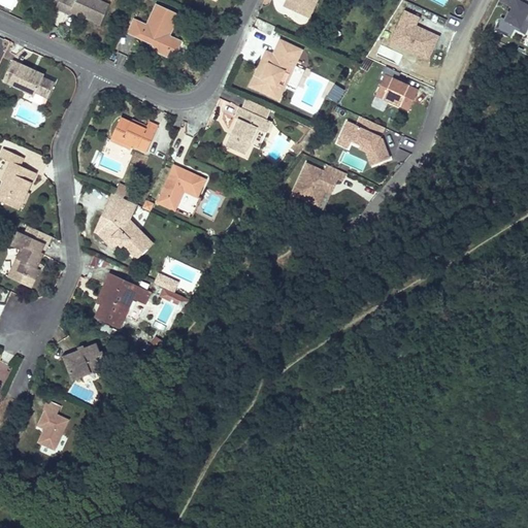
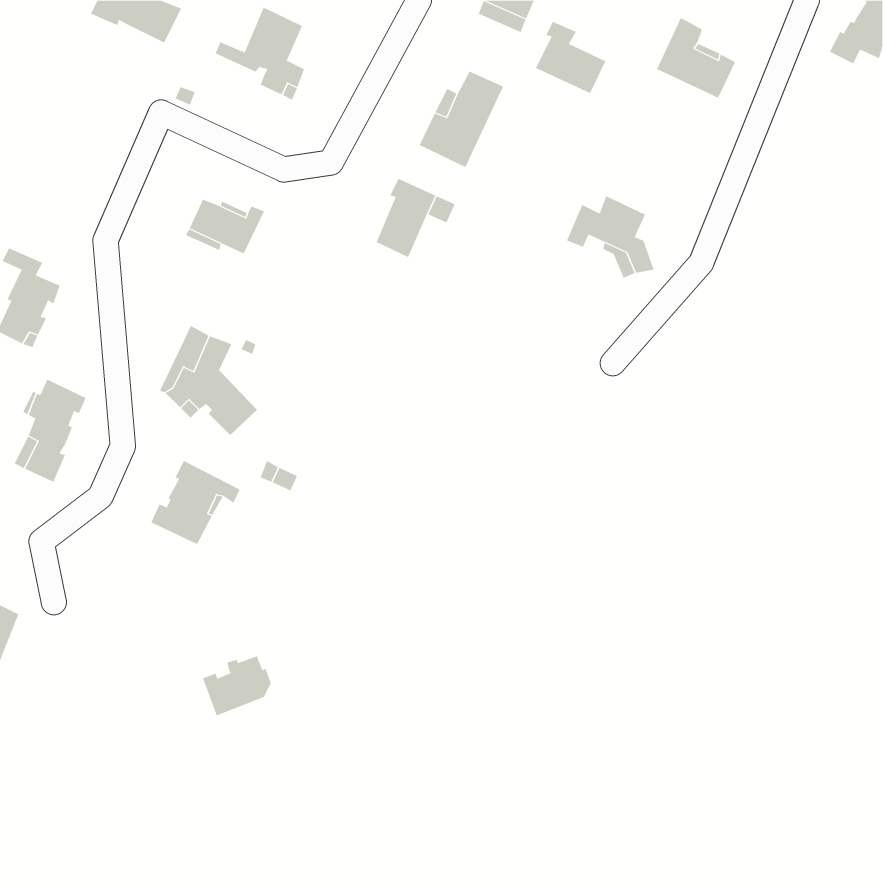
building: [4,61,56,98] -> none
building: [375,67,418,110] -> [535,21,606,94]
building: [293,164,346,205] -> none
building: [158,166,205,210] -> none
building: [63,343,104,380] -> [202,656,271,716]
building: [37,403,67,450] -> none

